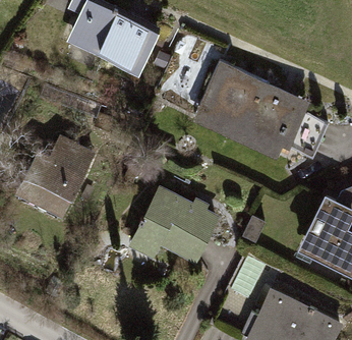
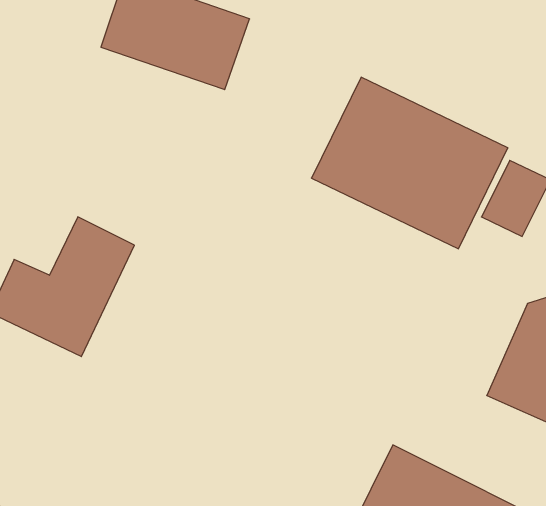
building: [128,185,220,261] -> none

